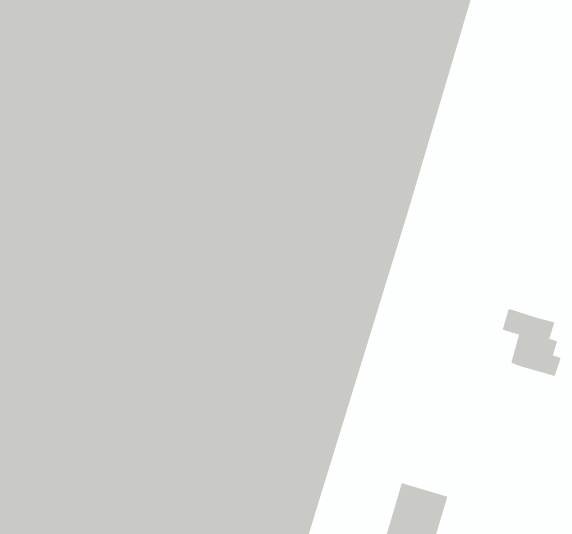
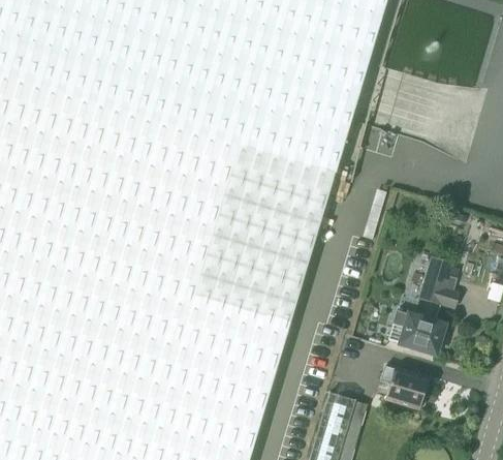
building: none -> [385,310,444,356]
building: none -> [378,367,428,411]

